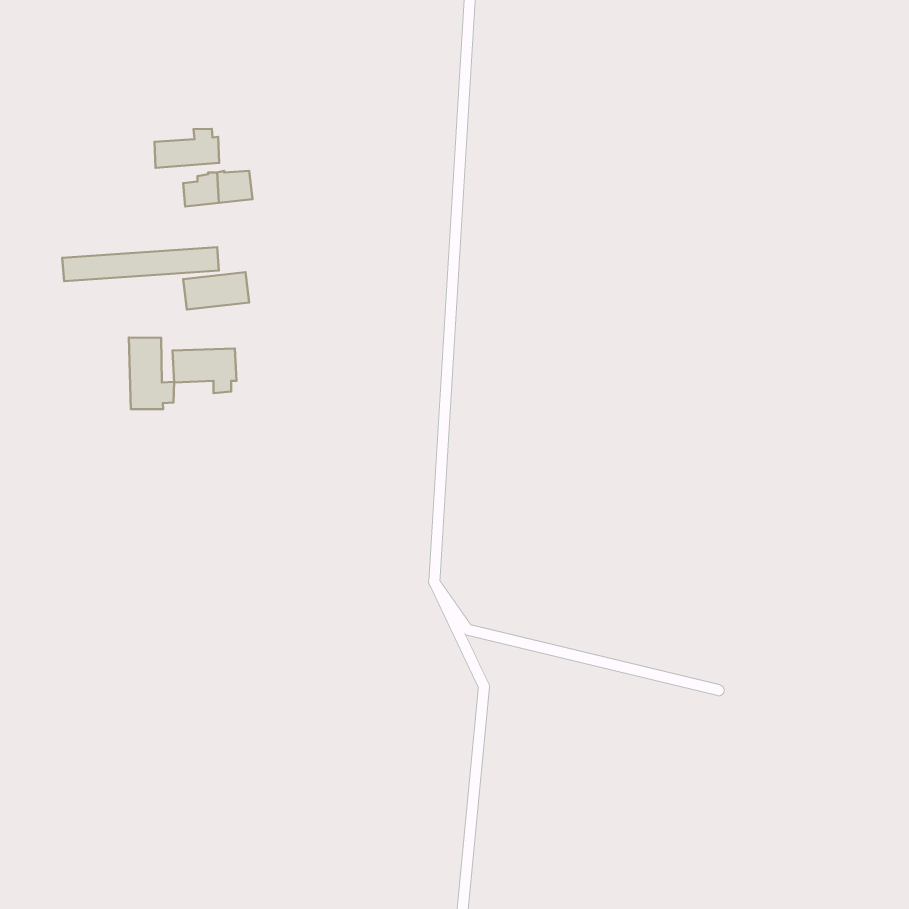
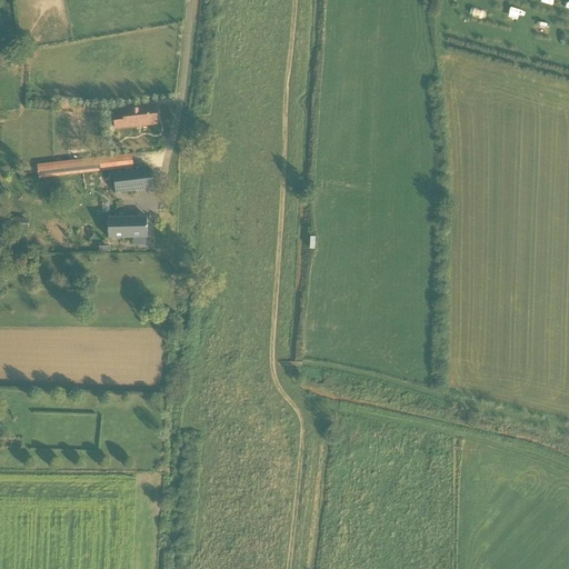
building: [155,129,219,168] -> none
building: [129,338,174,409] -> none

